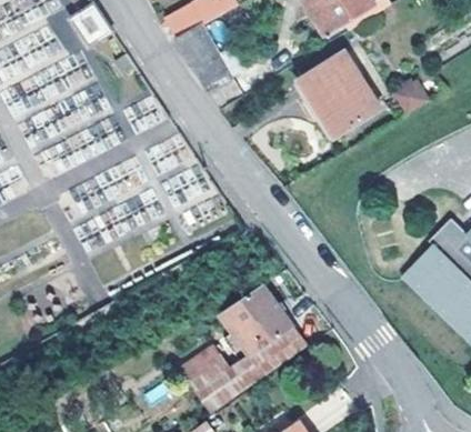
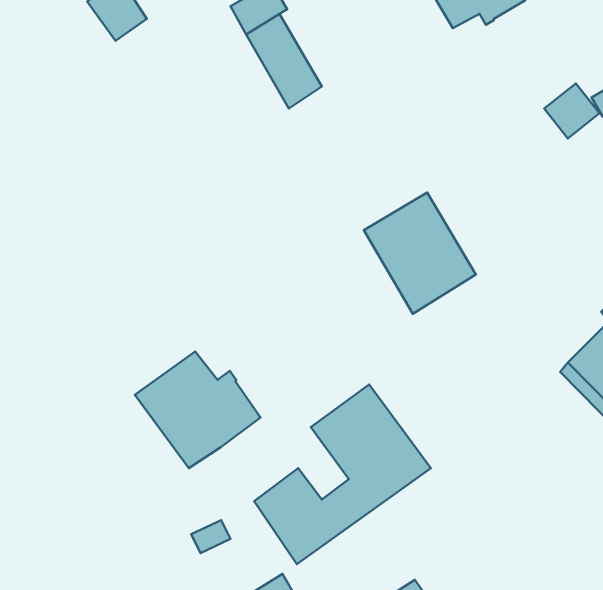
building: [300,49,379,134] -> [364,192,476,314]
building: none -> [135,352,261,468]

